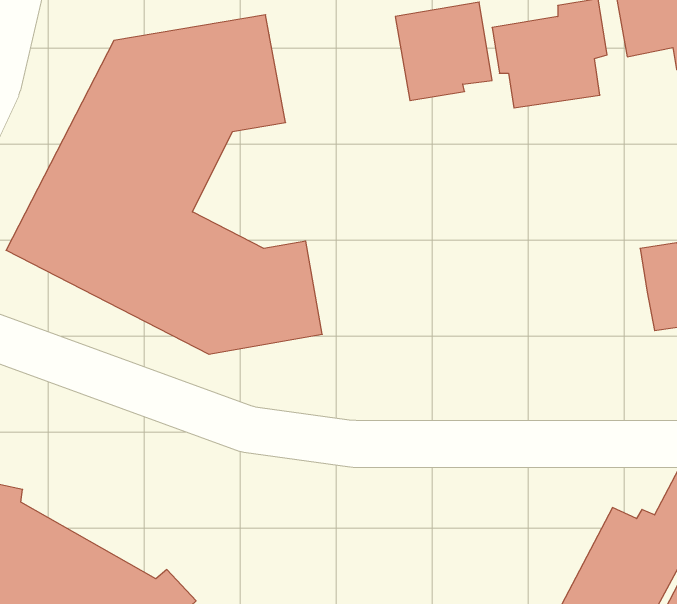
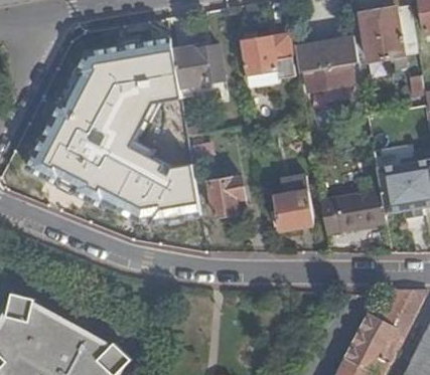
building: none -> [172,43,226,98]
building: none -> [208,176,244,214]
building: none -> [274,189,312,228]
building: none -> [321,191,386,232]

